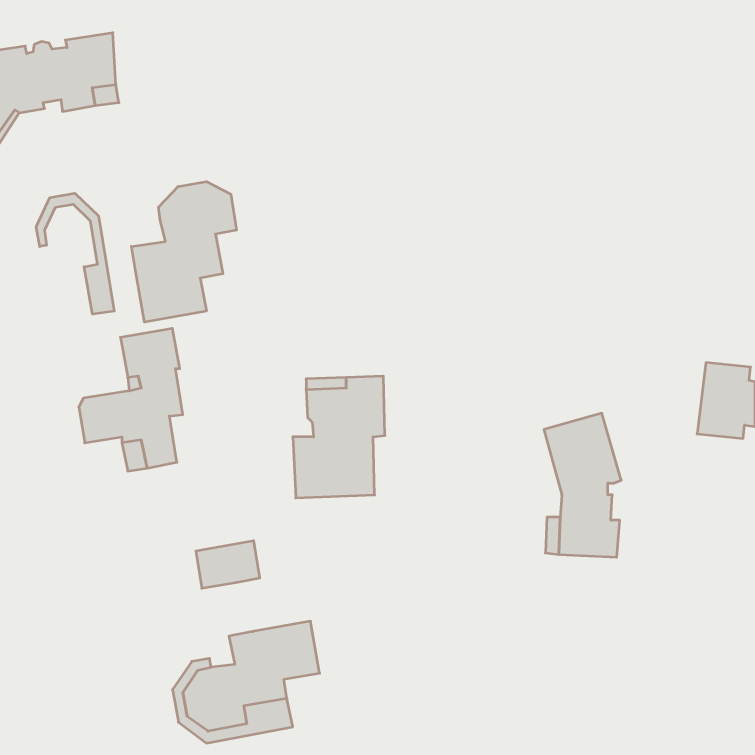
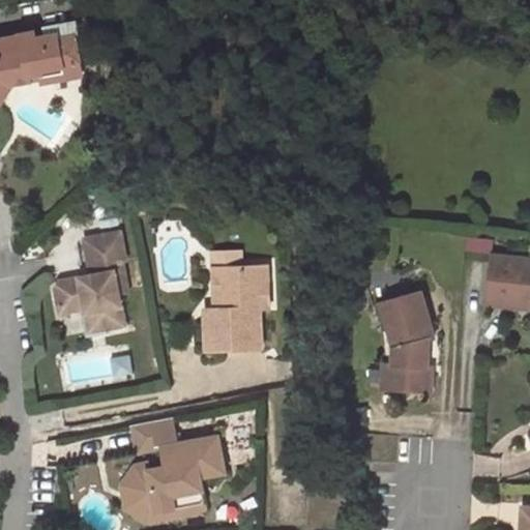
building: [131,182,237,322] -> none
building: [36,193,114,314] -> none
building: [196,541,260,588] -> [131,417,176,450]

